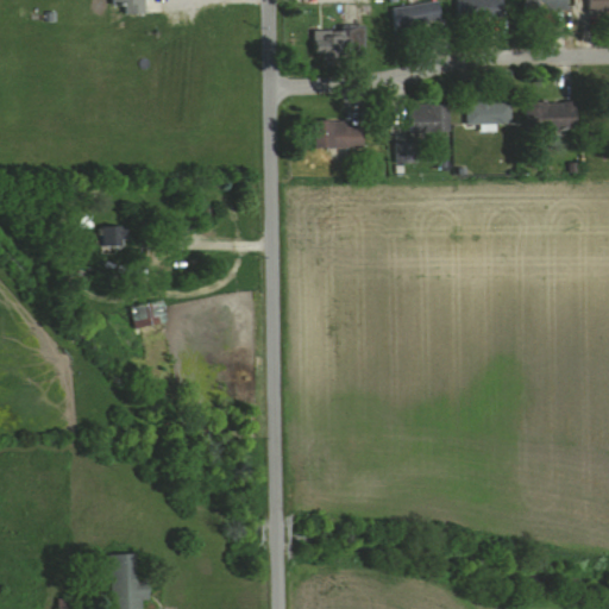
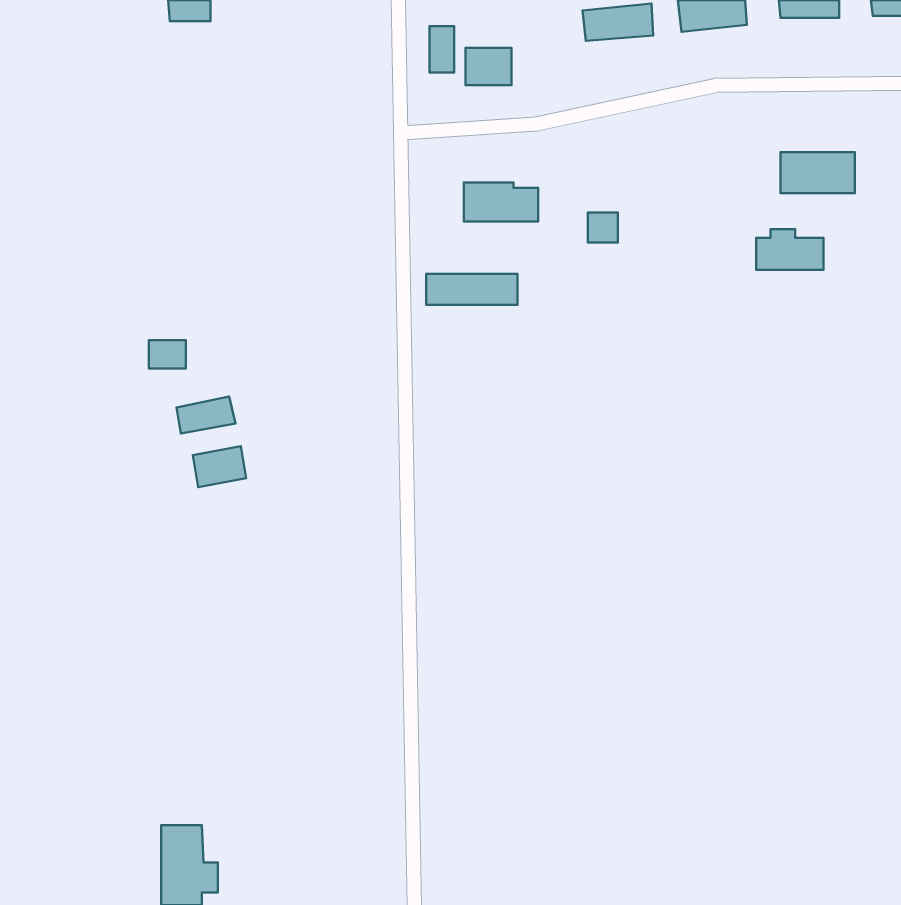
building: [349,26,365,57] -> [429,26,454,72]
building: [466,98,511,125] -> [756,229,823,270]
building: [410,105,451,133] -> none
building: none -> [426,274,517,305]
building: none -> [176,396,235,434]

